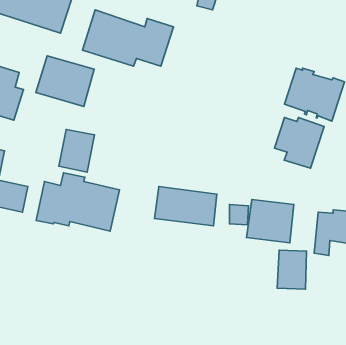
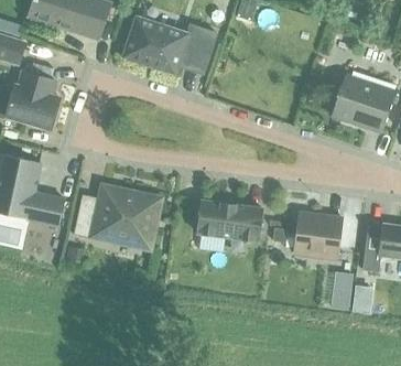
building: [36,56,94,107] -> none
building: [275,117,324,168] -> none
building: [59,130,95,172] -> none

